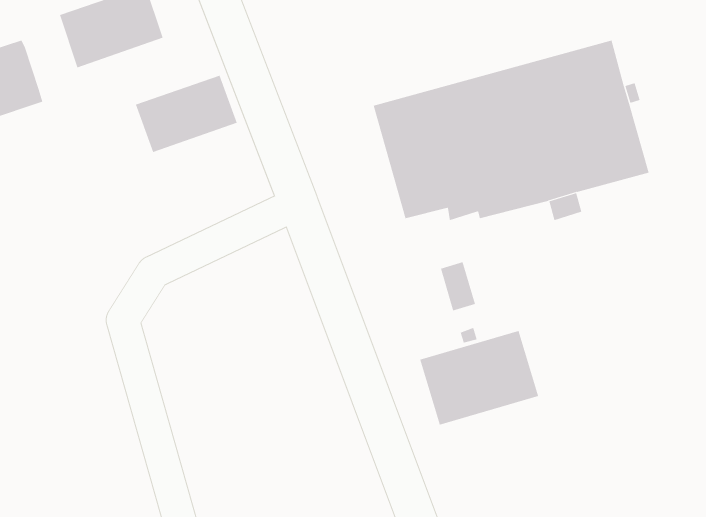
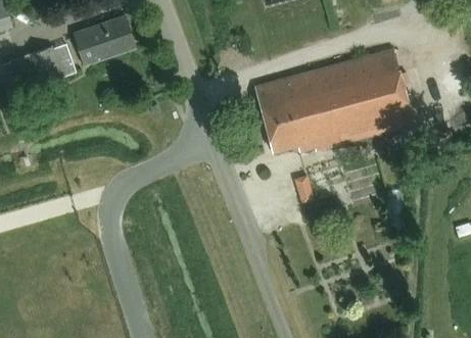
building: [135,75,237,153] -> none
building: [419,330,539,426] -> none

